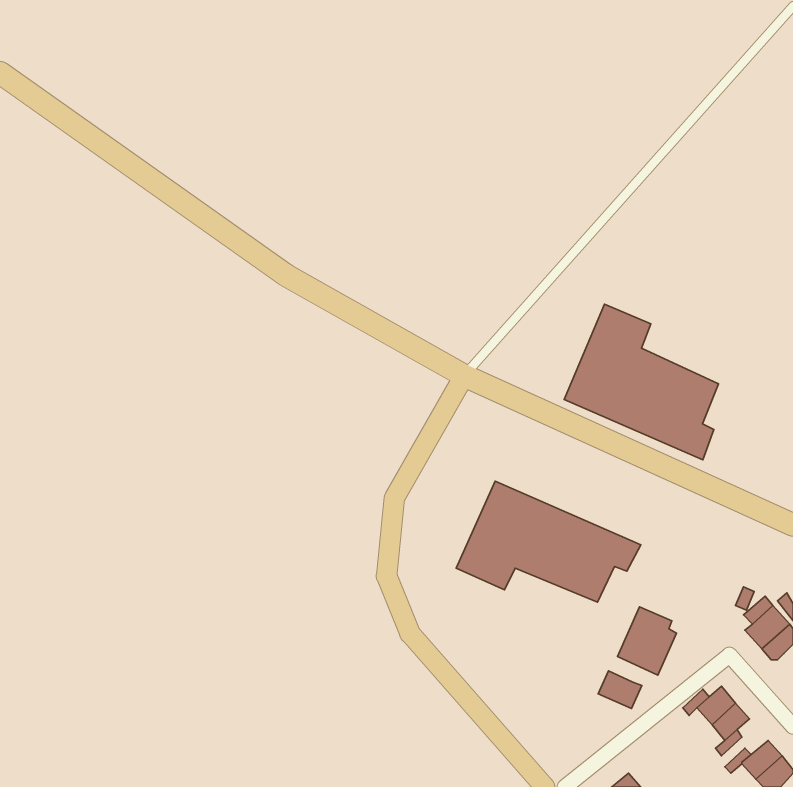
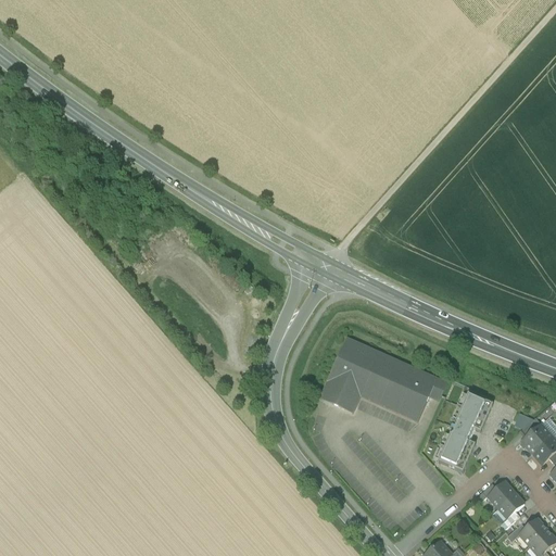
building: [564,304,718,460] -> none
building: none -> [447,390,492,434]
building: [598,671,642,708] -> none

